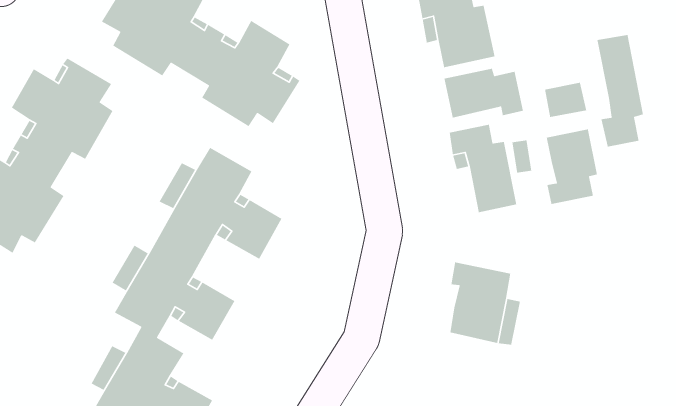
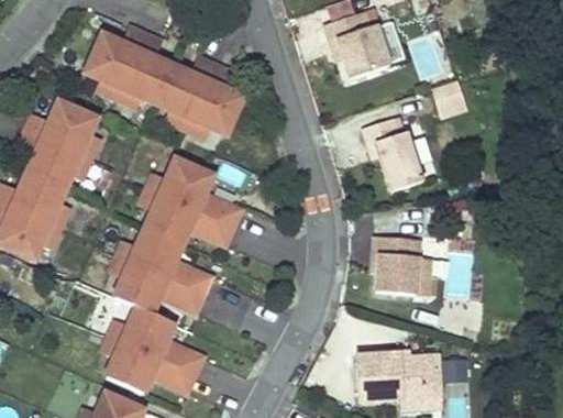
building: [597,34,644,147] -> none
building: [444,68,524,119] -> none
building: [546,129,598,205] -> none

